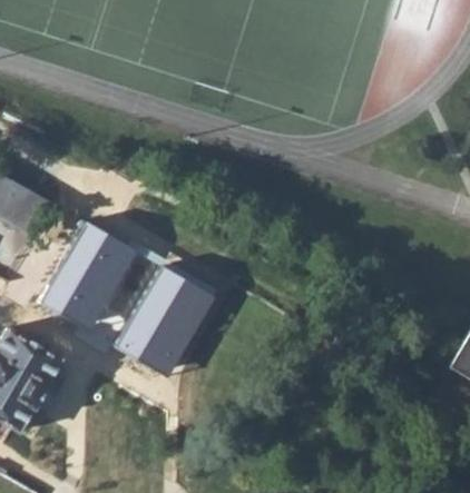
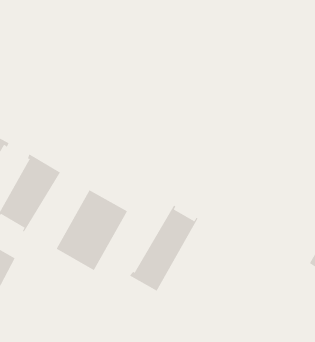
building: none -> [129,205,198,292]

